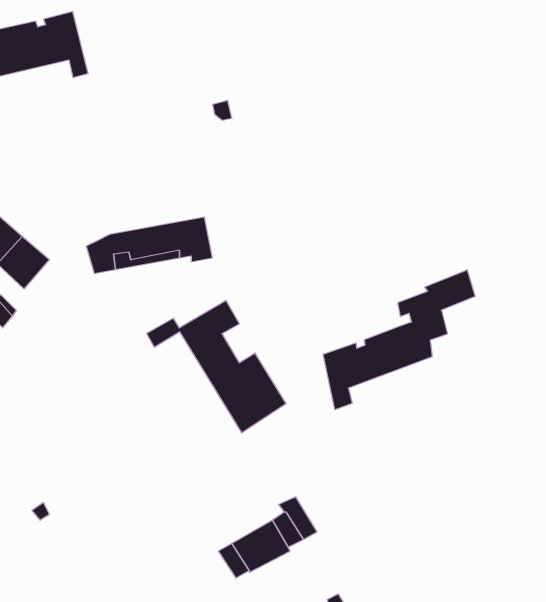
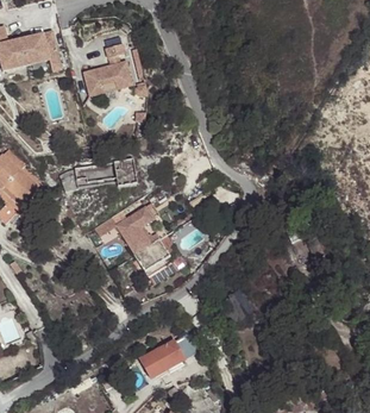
building: none -> [86,42,133,94]
building: [323,270,475,410] -> none

